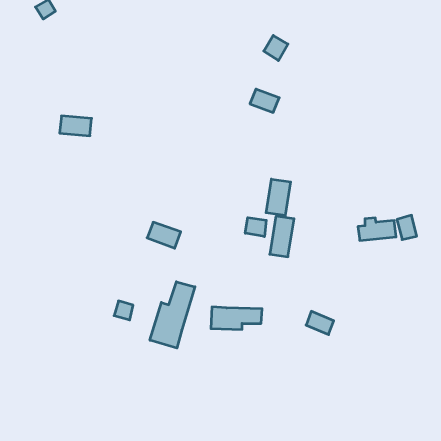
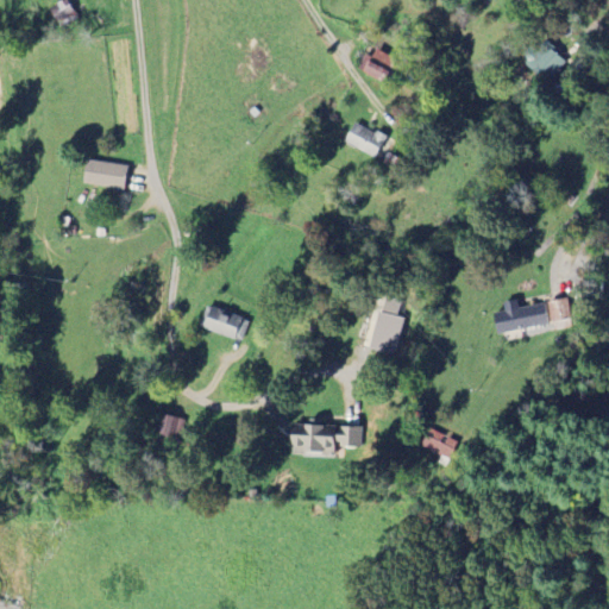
building: none -> [526,38,563,77]
building: [266,179,291,216] -> none
building: [245,218,266,237] -> none
building: [150,282,195,348] -> none

